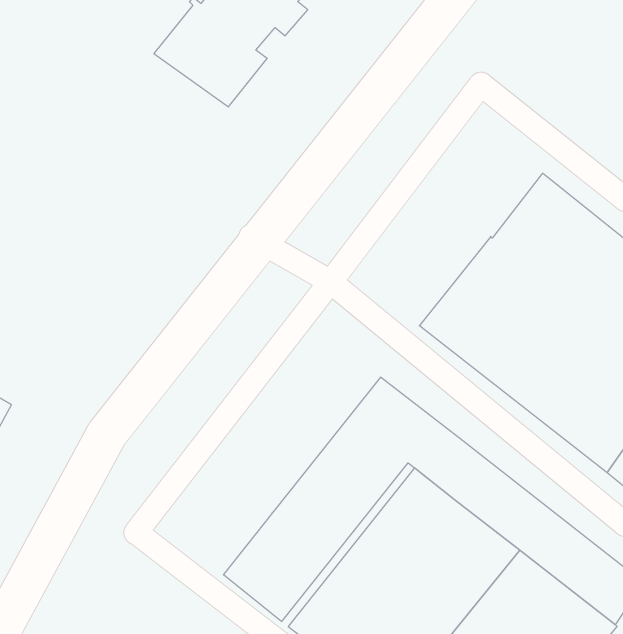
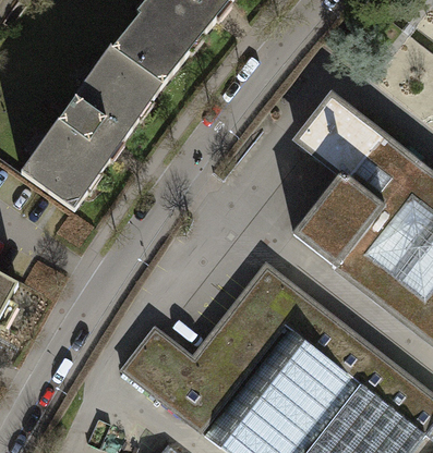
building: none -> [21,48,164,211]
building: none -> [298,97,375,174]
building: none -> [121,329,193,401]

